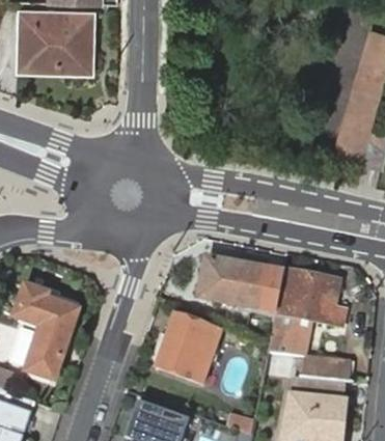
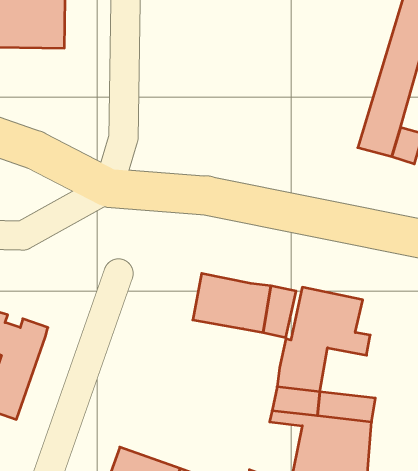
building: [157,312,222,382] -> none

